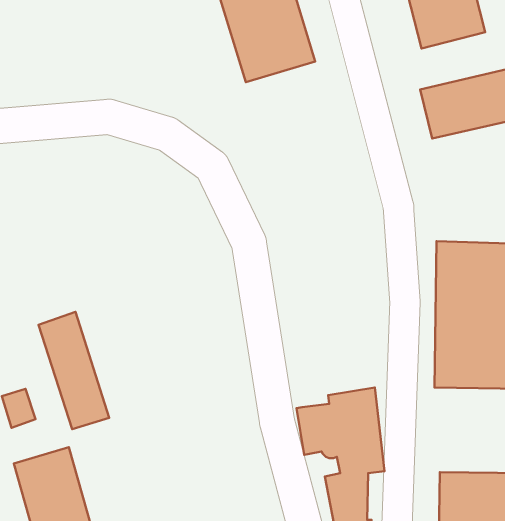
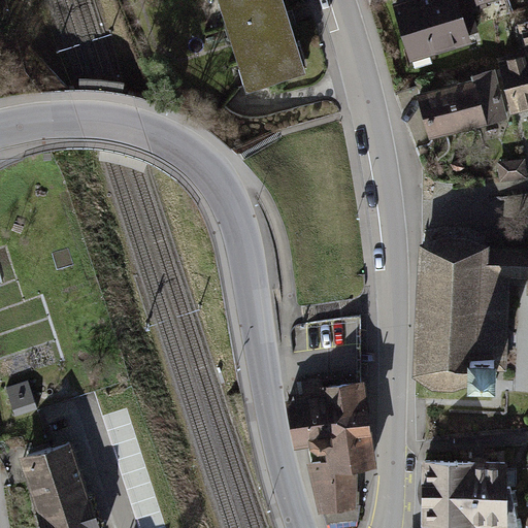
building: [38,312,109,429] -> none

